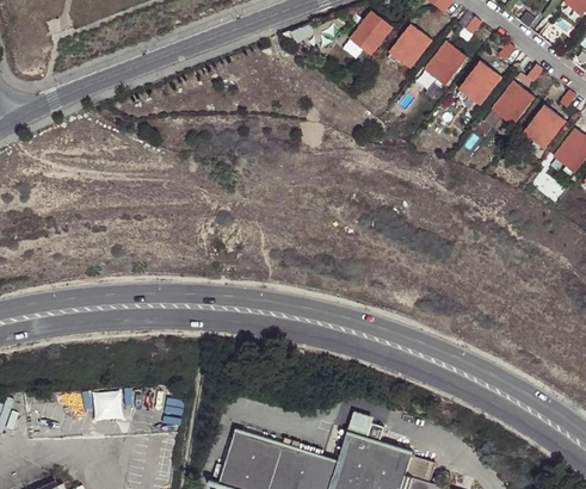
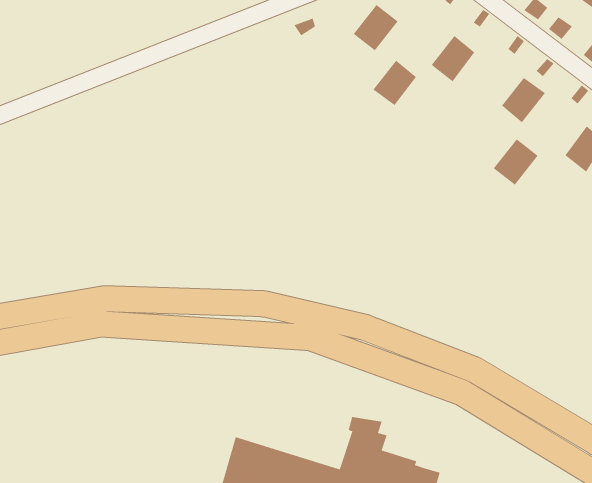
building: [388,24,431,68] -> [372,60,417,106]
building: [457,61,501,105] -> none
building: [522,104,566,149] -> [493,139,539,186]

